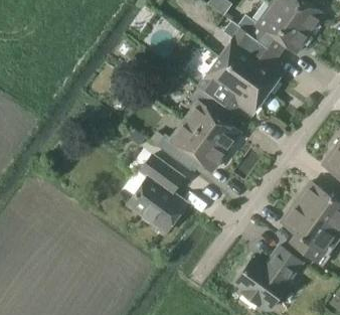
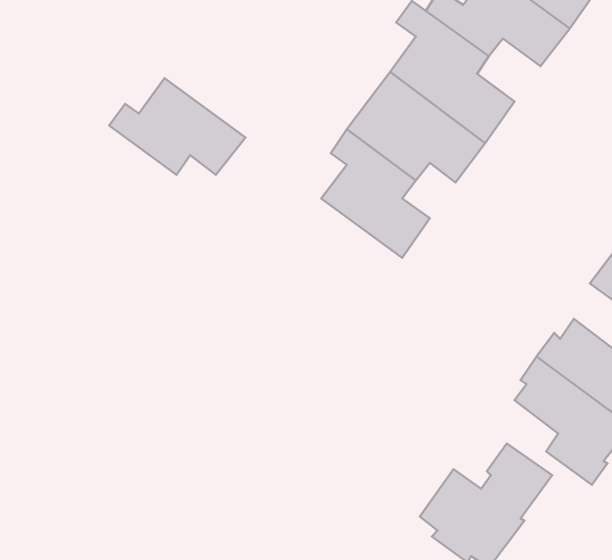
building: [157,121,226,170] -> [109,78,246,175]
building: [128,155,187,232] -> none

